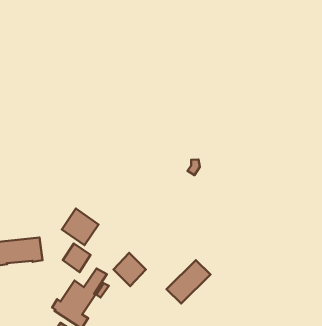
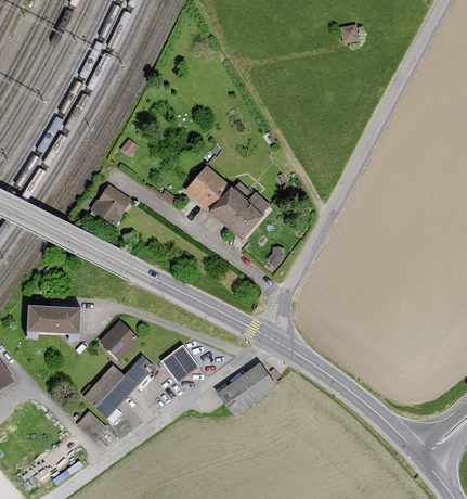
building: none -> [187,167,268,235]
building: none -> [91,184,130,230]
building: [62,209,98,245] -> none

